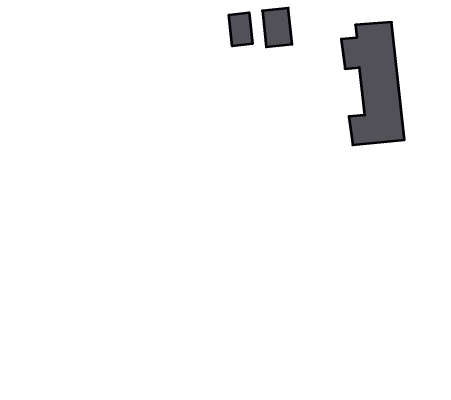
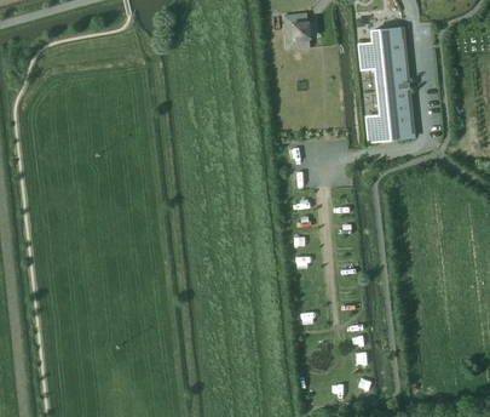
building: [229,13,252,46] -> none

